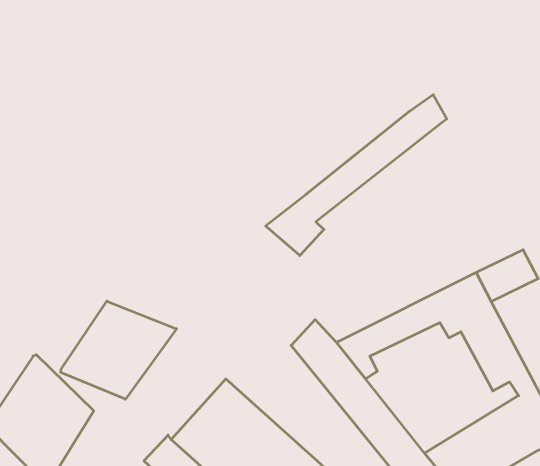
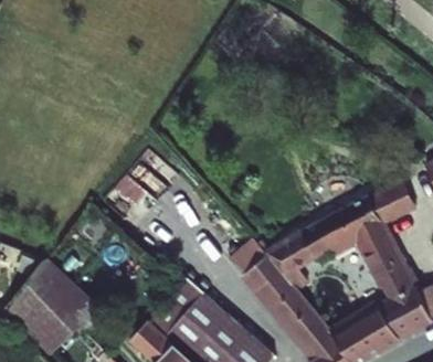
building: [266,95,447,256] -> none
building: [61,301,177,399] -> none

